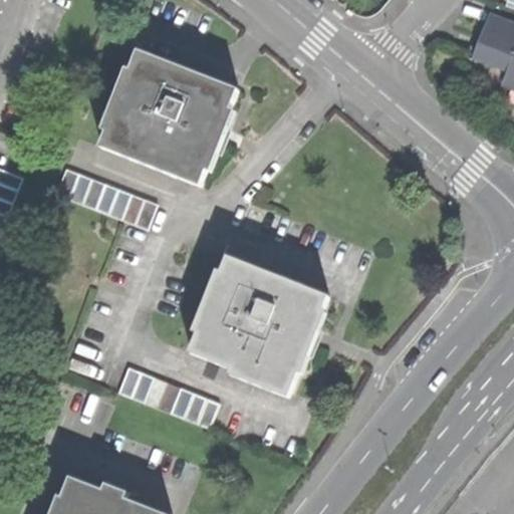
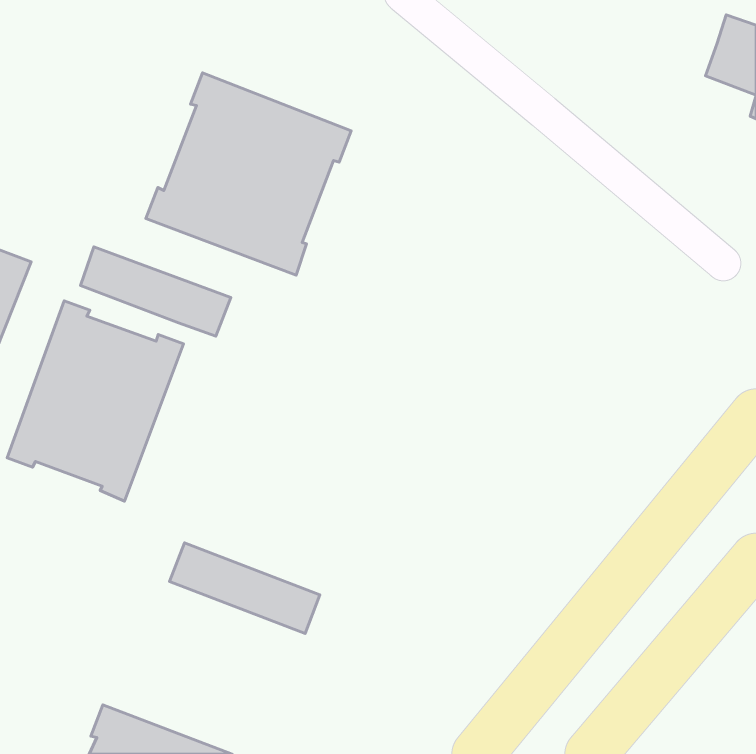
building: none -> [7,301,183,501]
building: [187,254,328,390] -> none

